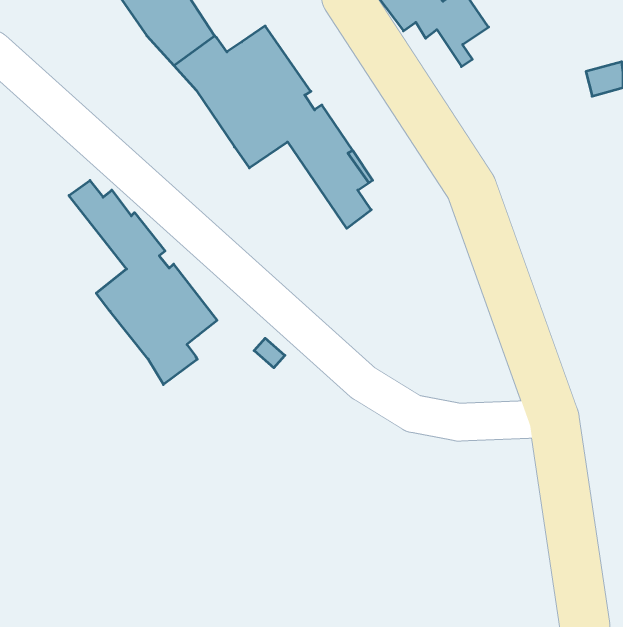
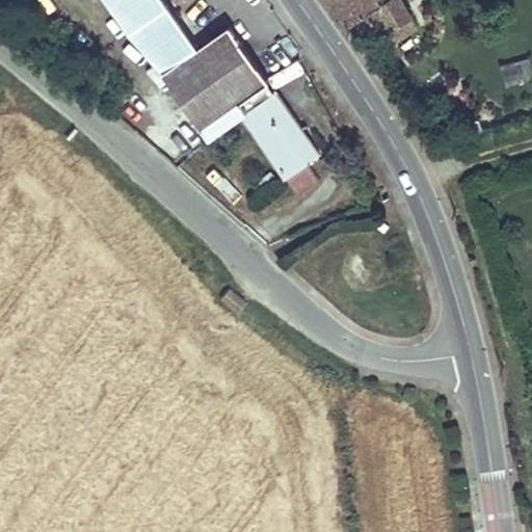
building: [69,180,217,385] -> none

